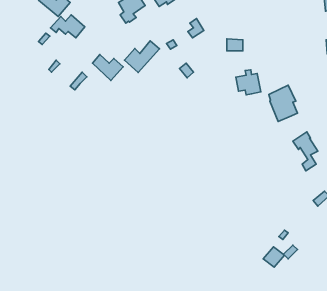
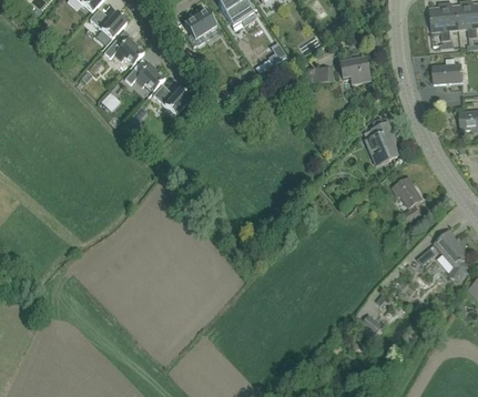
building: none -> [124,62,165,90]
building: [125,41,160,72] -> none
building: [236,70,261,95] -> [339,53,369,83]

